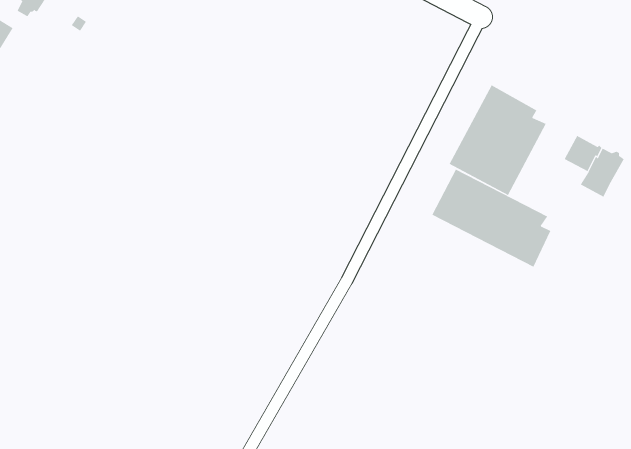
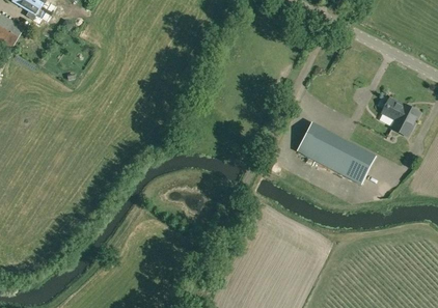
building: [449,85,546,196] -> none

